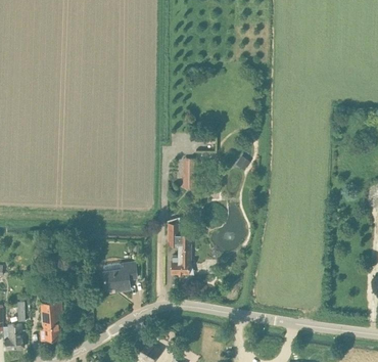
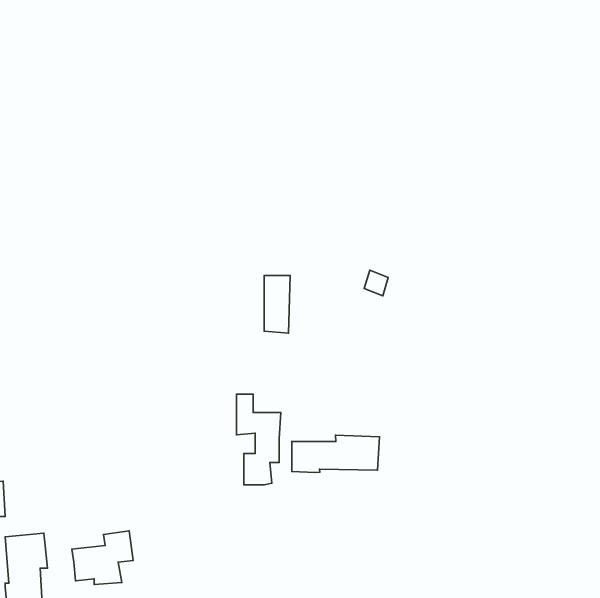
building: none -> [292,435,380,472]
building: [103,262,137,291] -> [72,531,133,585]

